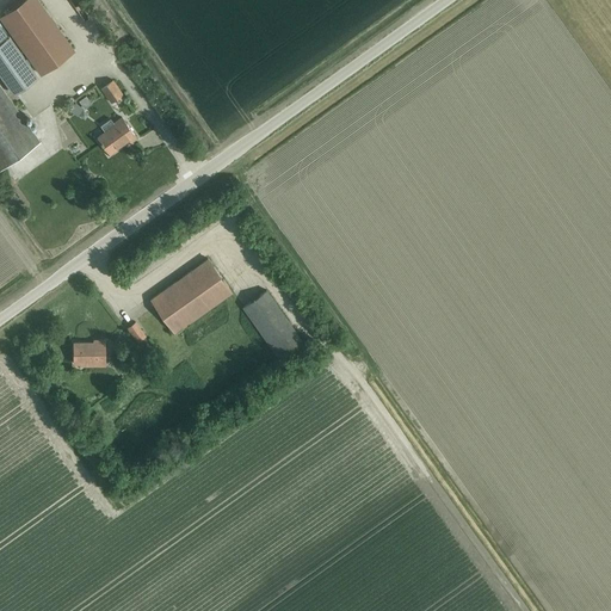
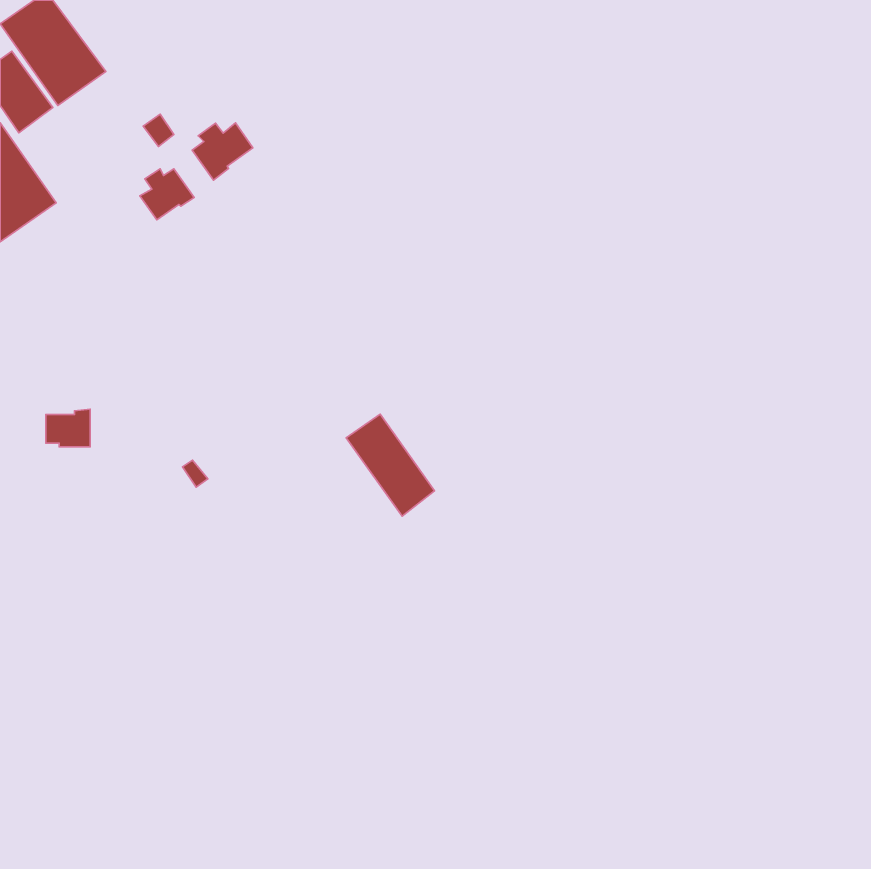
building: none -> [192,123,253,180]
building: [150,259,232,333] -> none
building: [74,340,105,366] -> [46,409,90,447]

